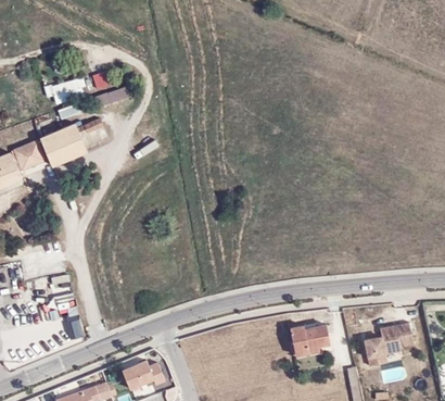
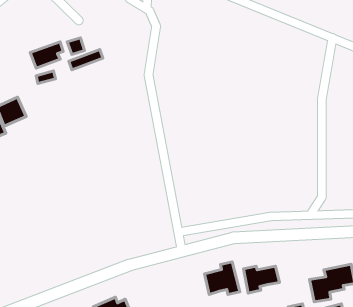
building: [40,117,104,165] -> none
building: none -> [204,262,240,294]

